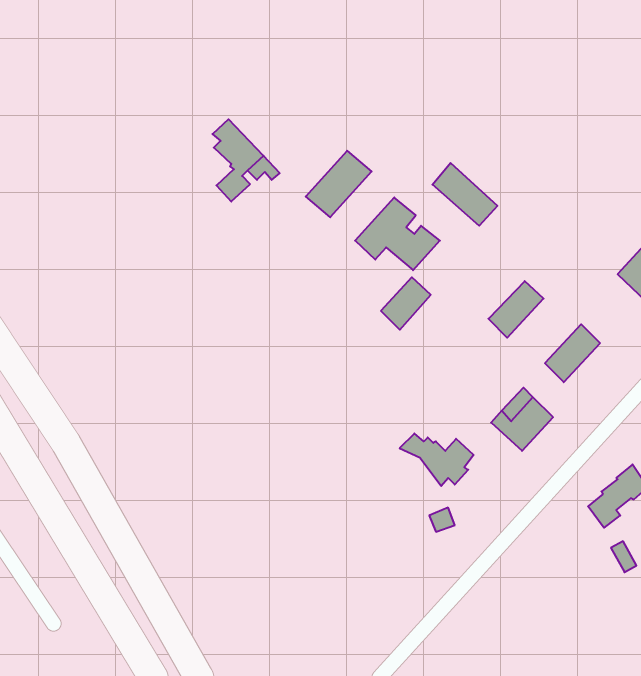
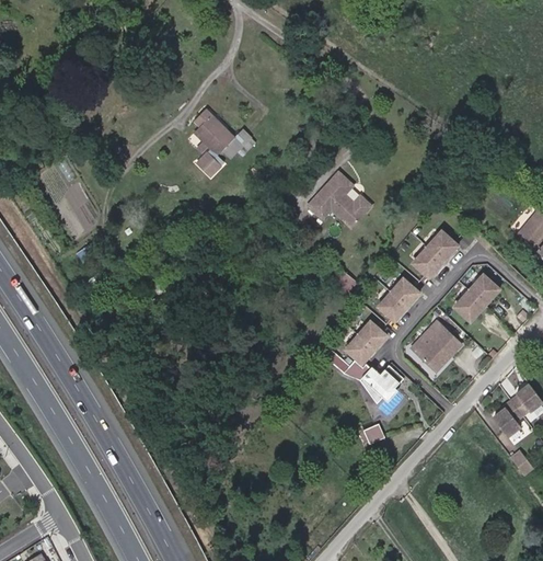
building: [306,151,372,217] -> none
building: [432,163,497,226] -> none
building: [381,277,431,330] -> [377,278,417,321]
building: none -> [345,317,386,359]

